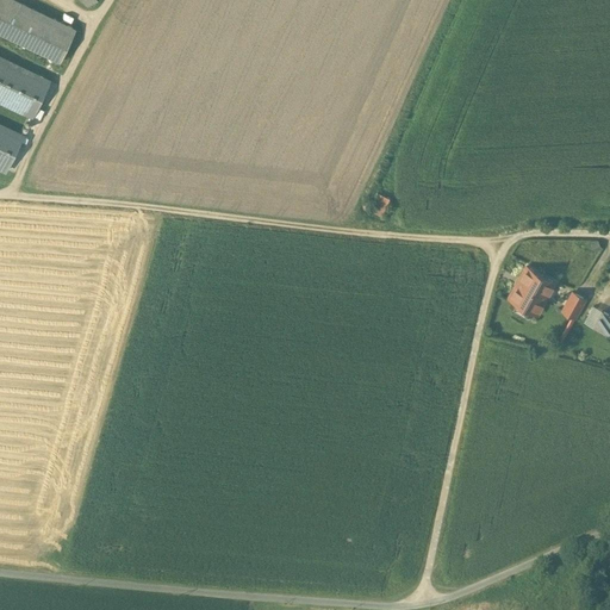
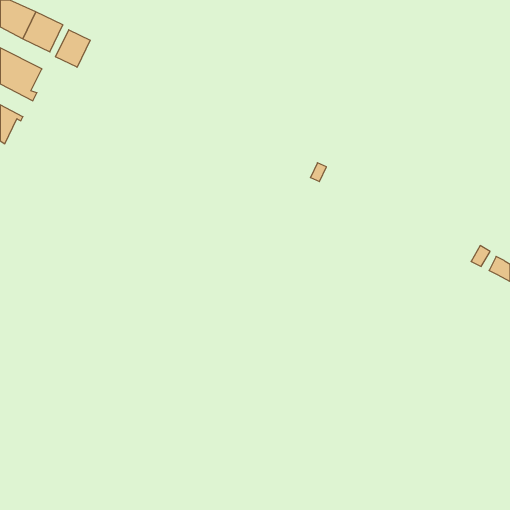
building: none -> [56,30,90,67]
building: [509,267,555,315] -> none

